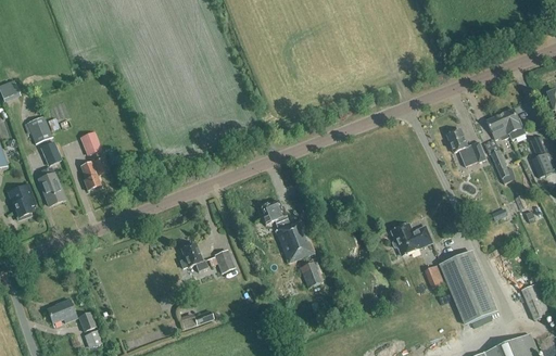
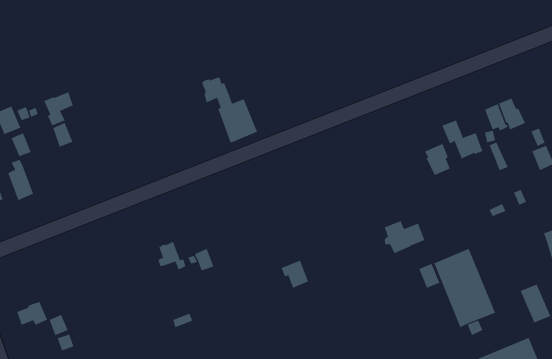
building: none -> [424,143,450,176]
building: [79,157,108,190] -> [44,92,74,126]
building: [260,200,313,263] -> [201,76,258,143]

